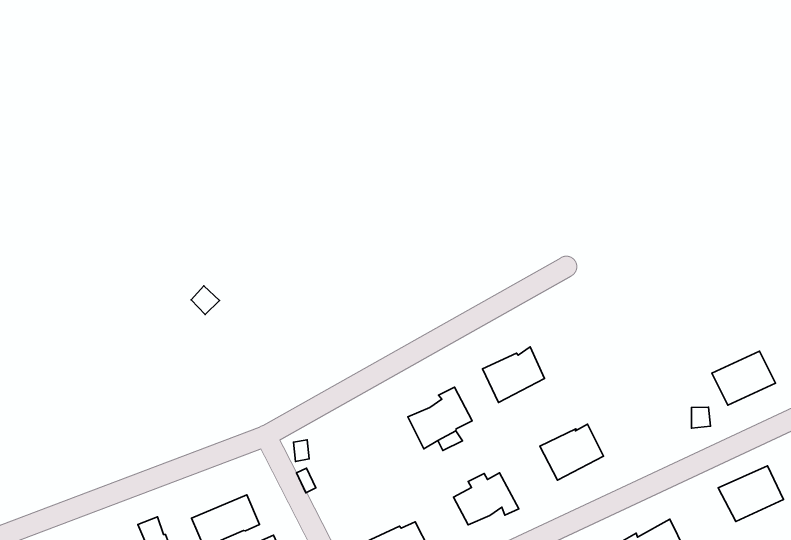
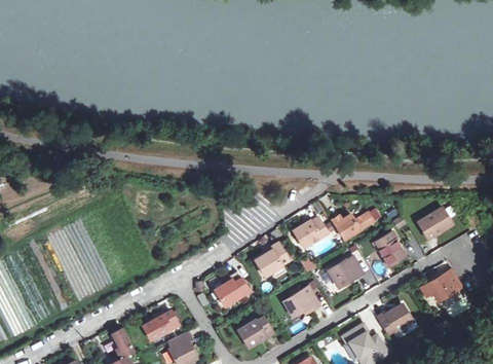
building: none -> [330,212,371,239]
building: none -> [375,230,404,265]
building: none -> [214,271,248,306]

